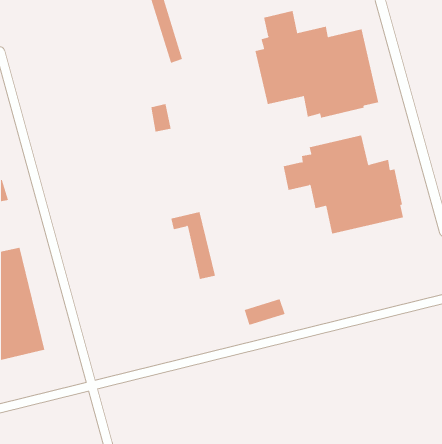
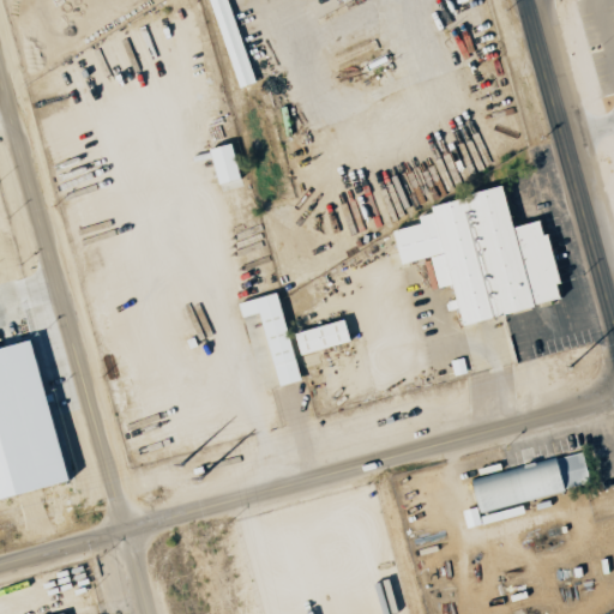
building: [255,10,379,118] -> none
building: [244,298,285,325] -> [294,318,351,355]
building: none -> [472,452,591,523]

